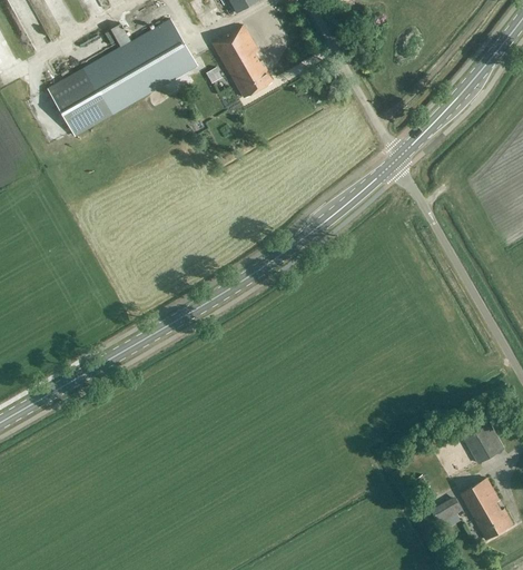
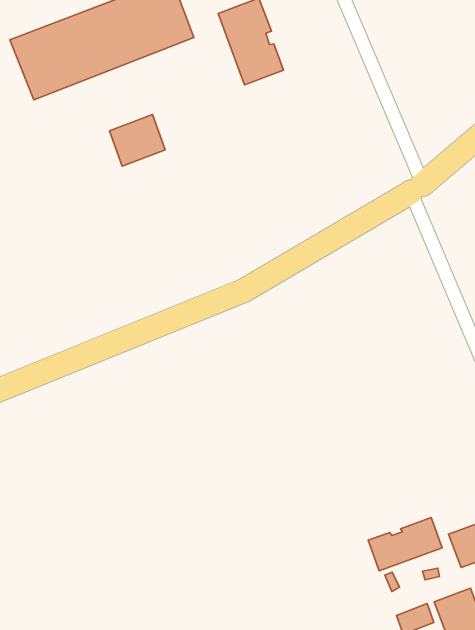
building: none -> [109,114,165,166]
building: none -> [368,517,442,571]

